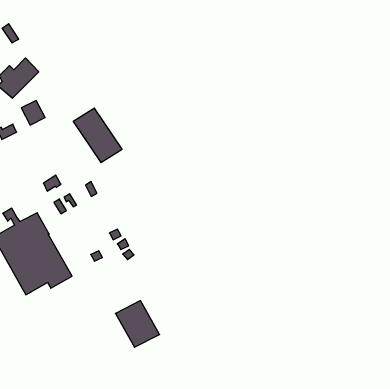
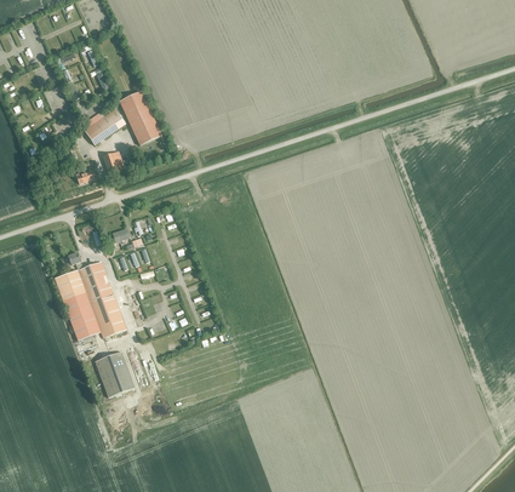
building: [73,108,122,163] -> [119,90,162,144]
building: [115,301,160,347] -> [95,351,135,396]

